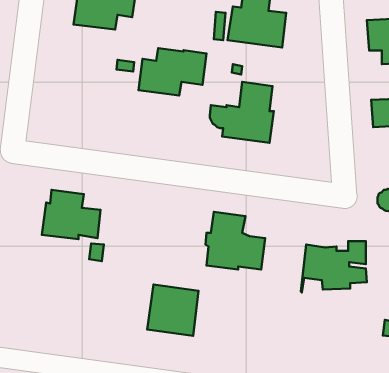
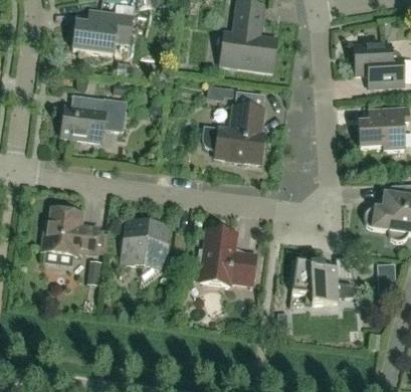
building: [138,48,207,95] -> [61,95,127,141]
building: [147,284,198,336] -> [121,217,170,266]

